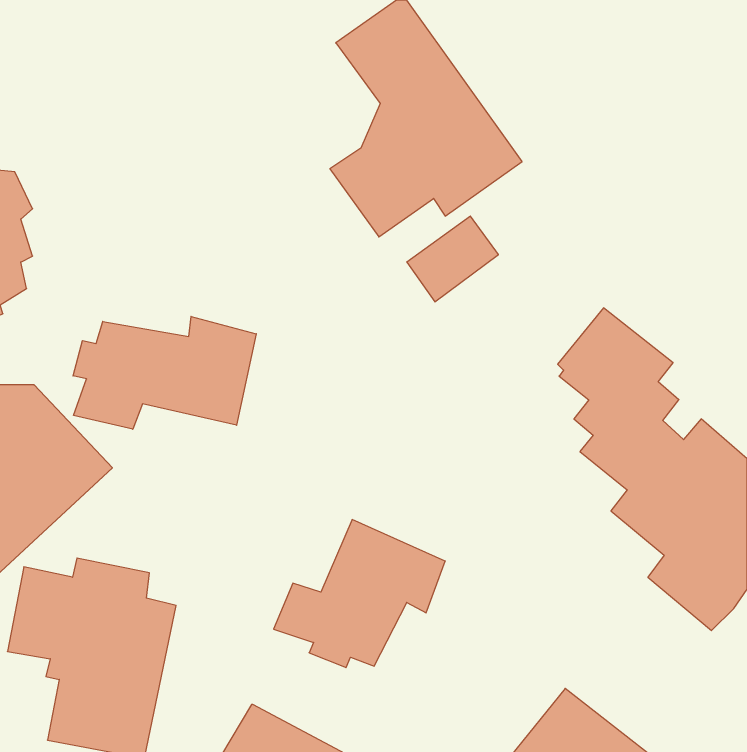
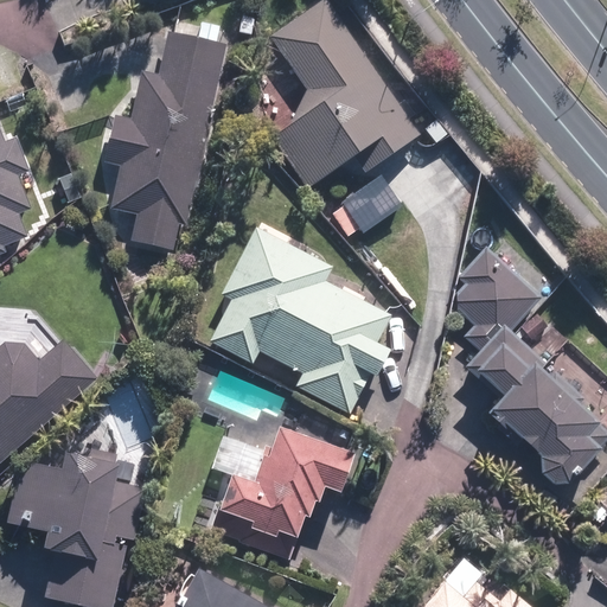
building: none -> [98,31,228,250]
building: none -> [206,224,394,421]
building: [73,316,256,429] -> none

